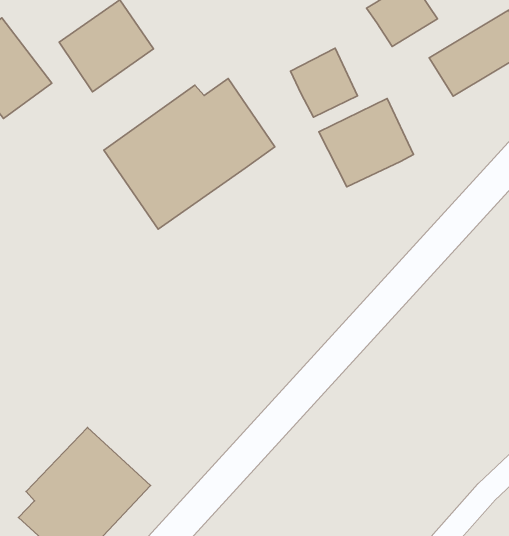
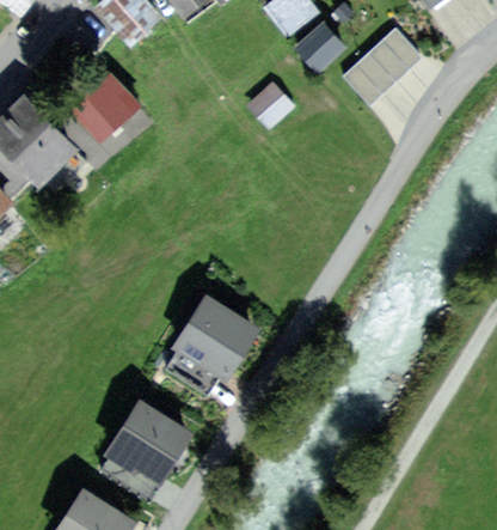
building: [104,79,275,229] -> none
building: [319,99,413,187] -> none
building: none -> [167,290,262,394]

